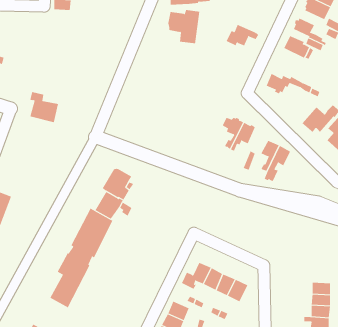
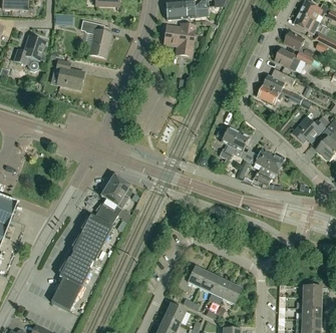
building: none -> [81,20,112,57]
building: none -> [14,36,44,71]
building: [226,24,259,46] -> [264,68,296,89]
building: [30,91,59,123] -> [56,59,84,89]

